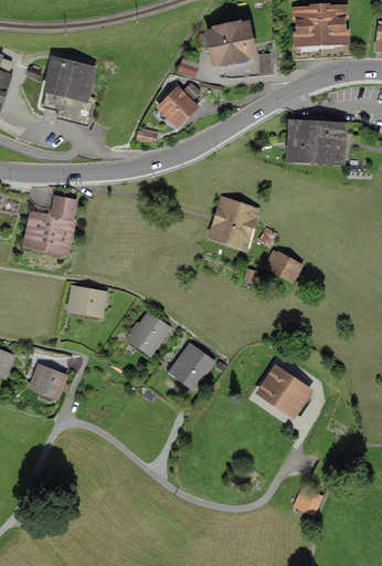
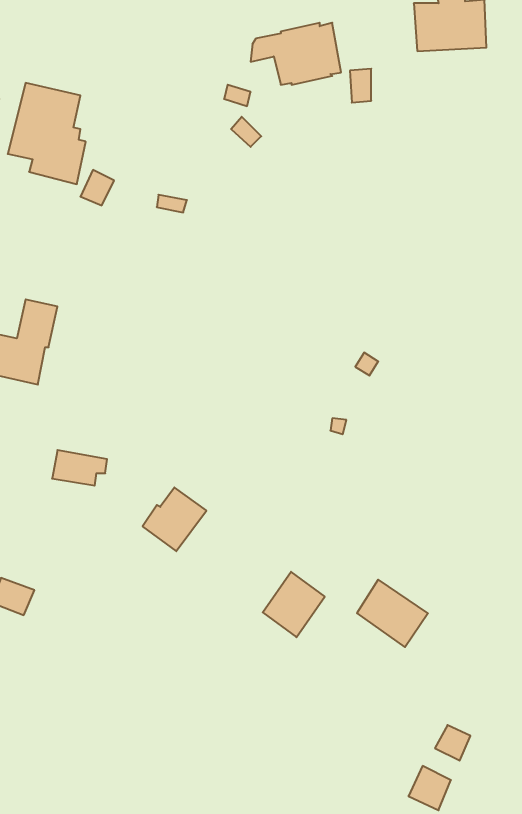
building: [156,83,193,124] -> none
building: [290,115,358,160] -> none
building: [209,199,255,248] -> none
building: [265,251,299,280] -> none
building: [172,346,211,387] -> [263,572,325,637]

